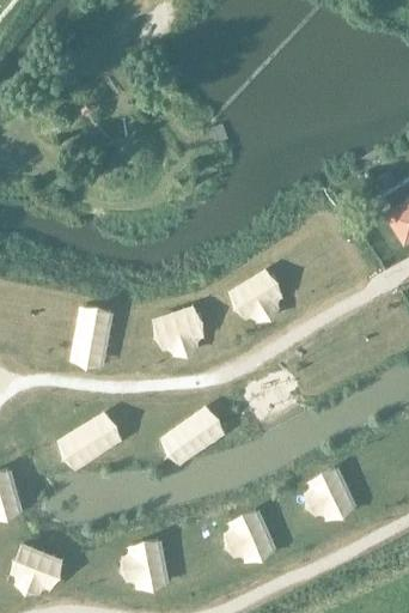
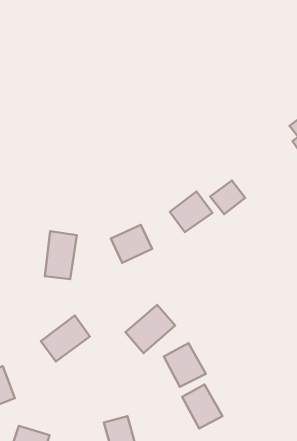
building: none -> [210,180,245,214]
building: none -> [164,343,206,387]
building: [310,469,356,521] -> none

